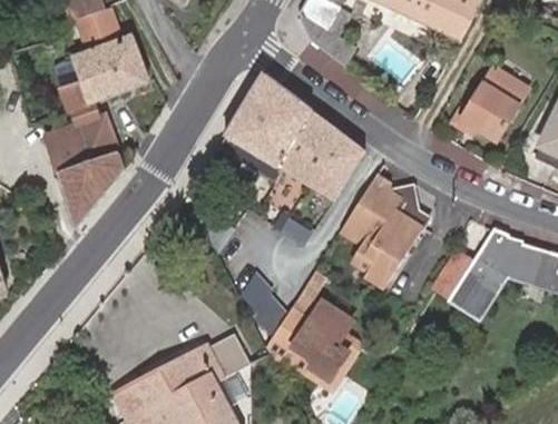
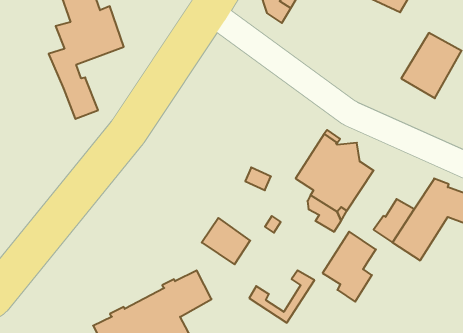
building: [217,72,366,204] -> none
building: [48,126,124,229] -> none
building: [291,298,351,377] -> [323,232,376,302]

